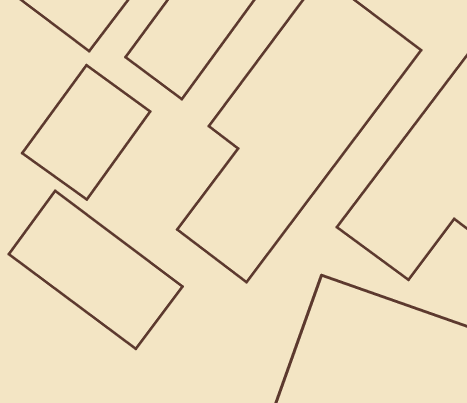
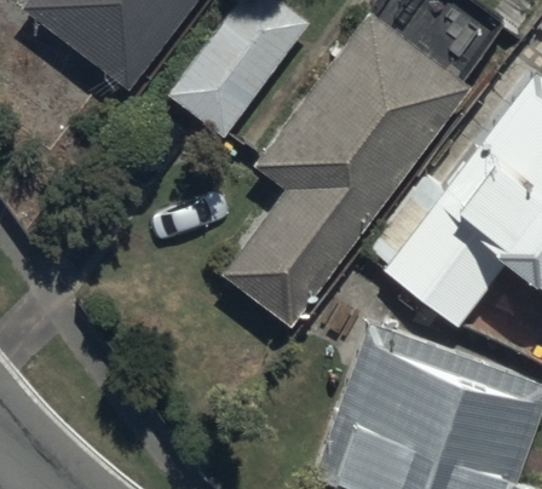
building: [22,65,150,199] -> none
building: [9,191,182,349] -> none

